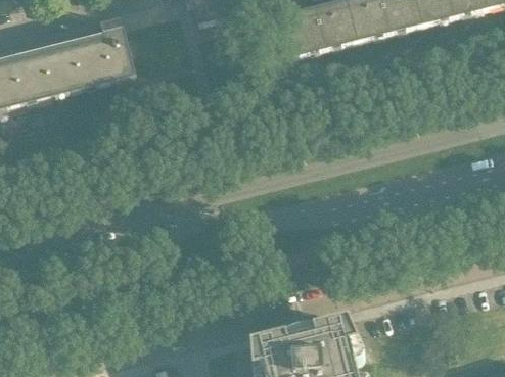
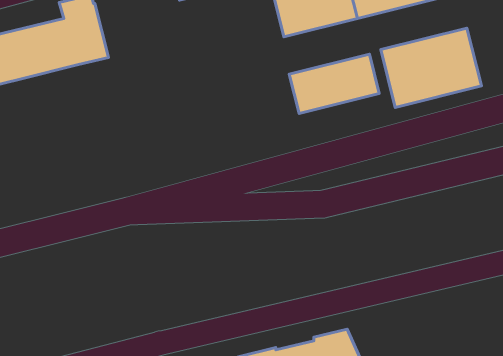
building: none -> [381,28,481,107]
building: none -> [289,54,379,113]

